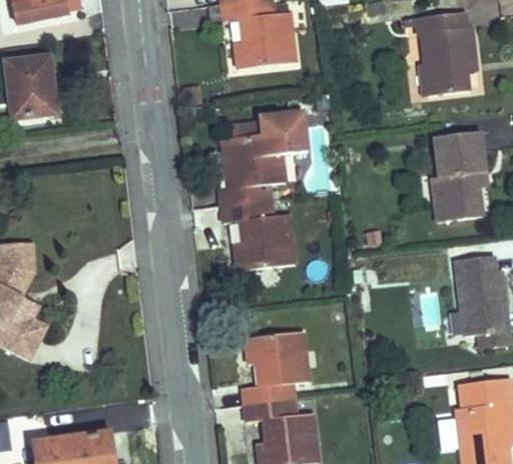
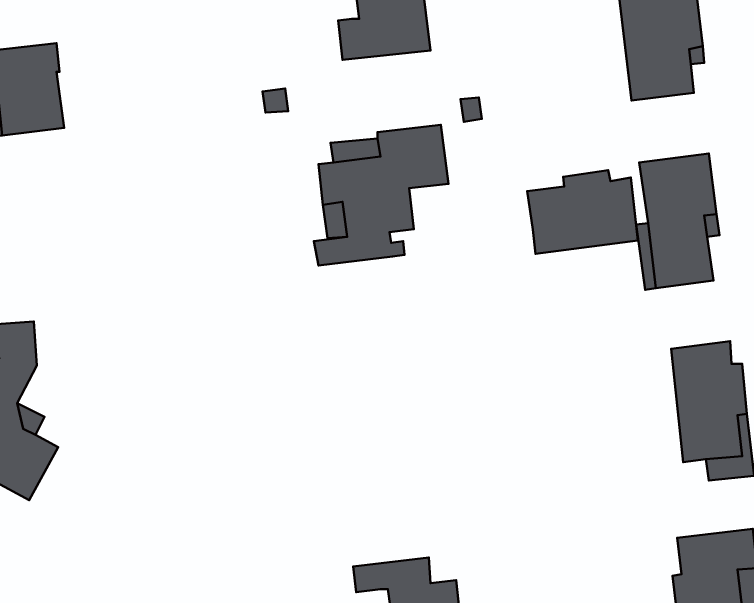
building: none -> [527,170,638,254]
building: [221,198,296,270] -> none
building: [242,330,309,404] -> none

